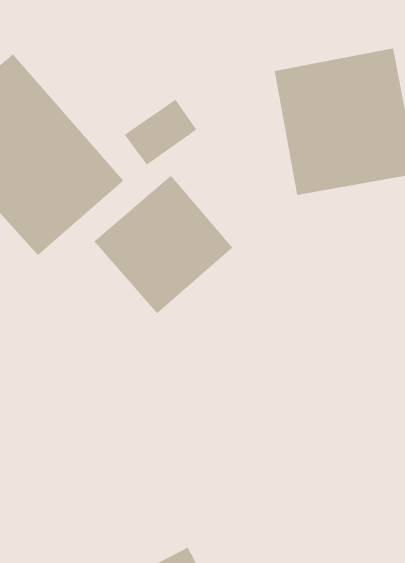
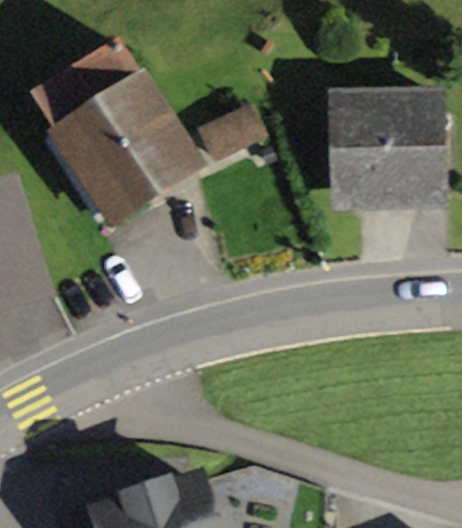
building: [93,175,233,314] -> none

